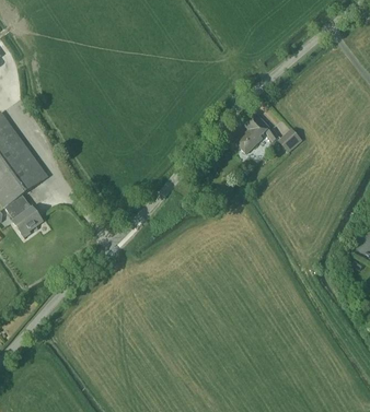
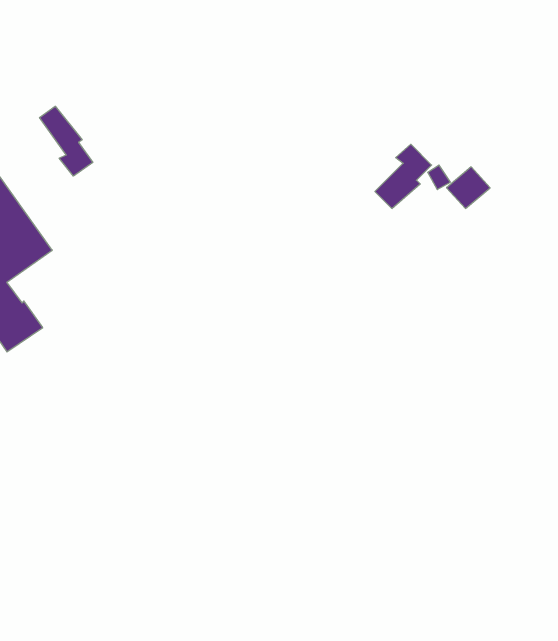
building: none -> [40,106,93,176]

